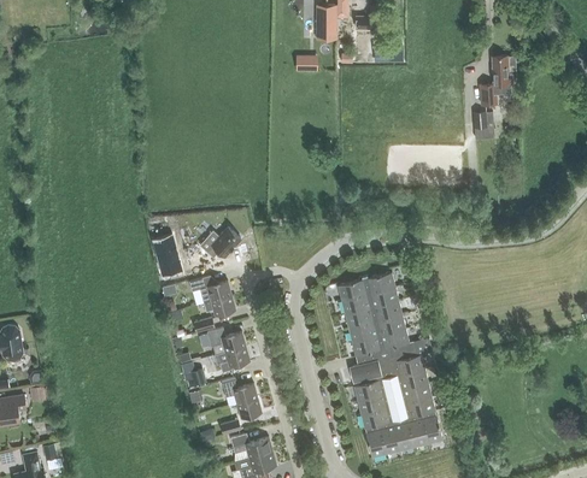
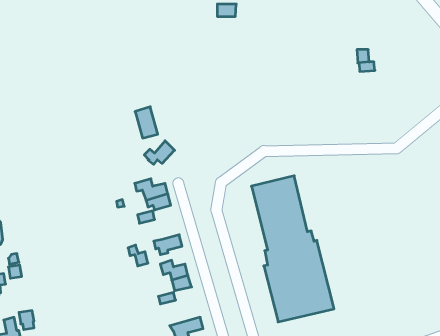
building: [479,54,516,104] -> none
building: [152,234,181,273] -> [135,107,158,138]
building: [206,326,246,354] -> none
building: [230,432,272,461] -> none

